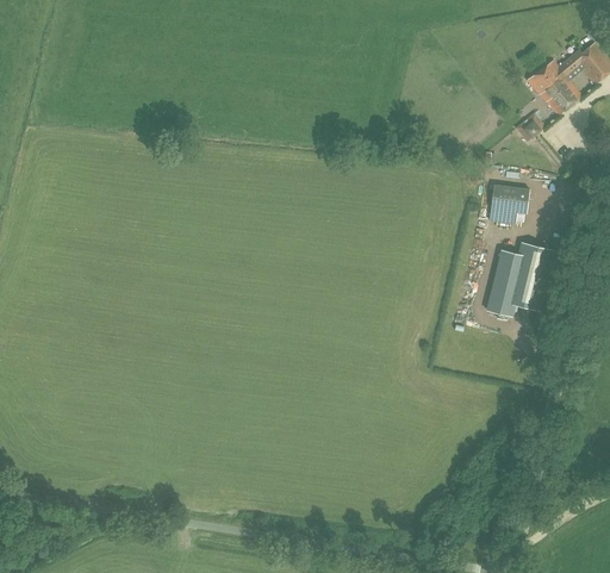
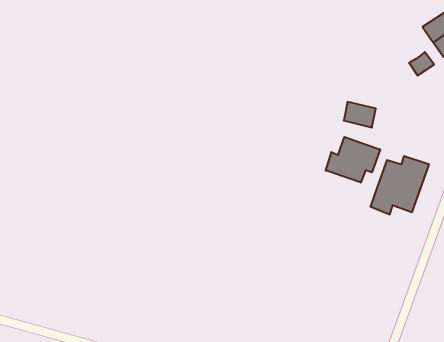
building: [490,185,528,213] -> [344,102,376,128]
building: none -> [326,137,380,183]

